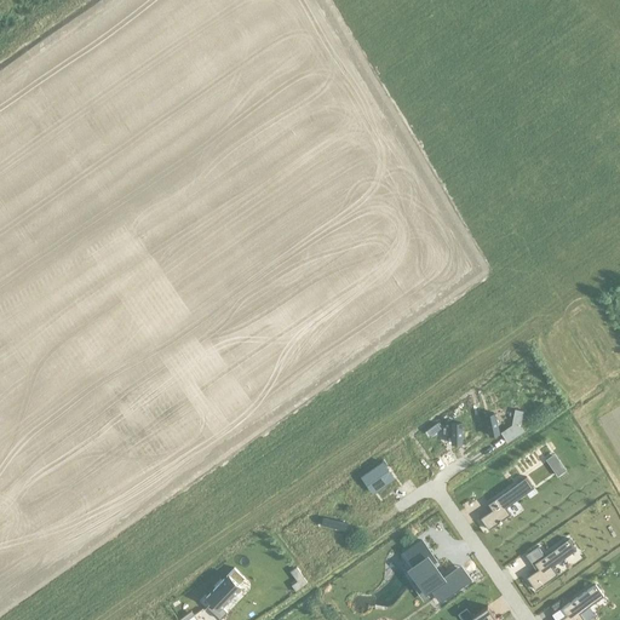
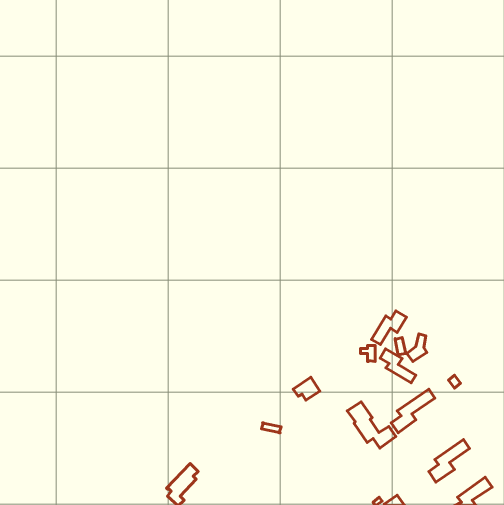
building: none -> [372,311,407,345]
building: none -> [380,349,416,383]
building: [402,541,461,598] -> [347,402,396,448]

